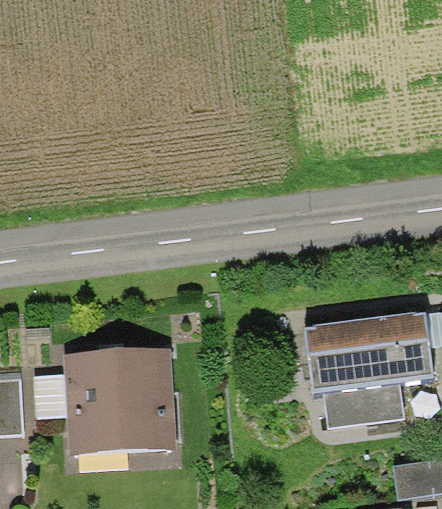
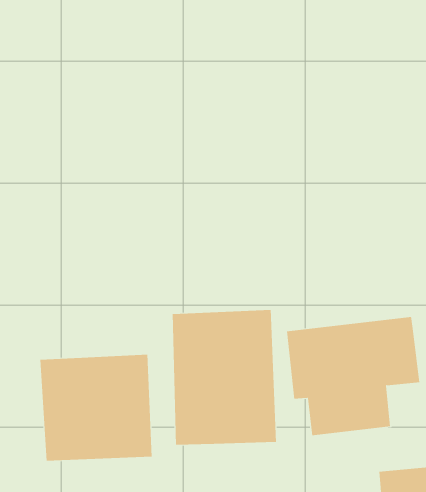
building: none -> [172,309,277,446]

